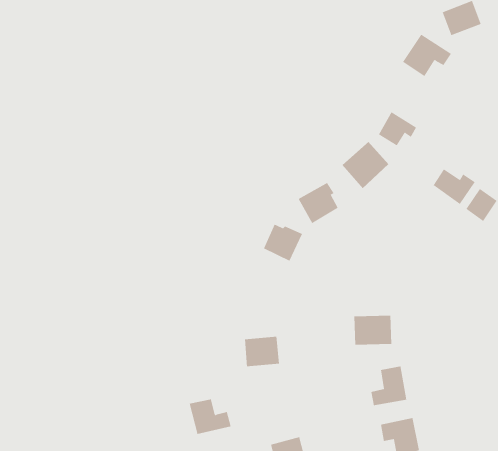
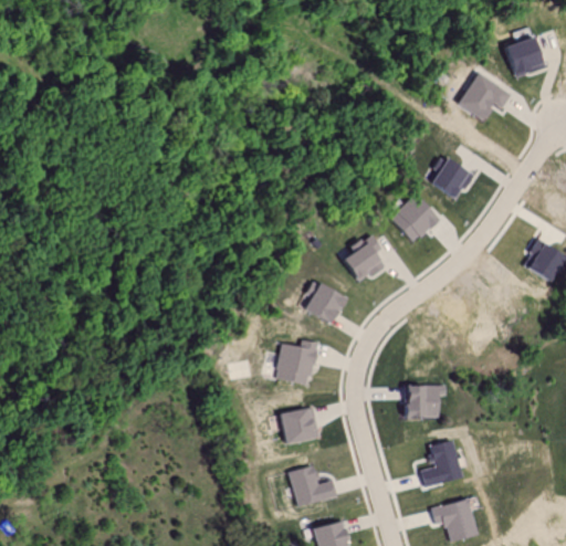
building: [433,168,475,205] -> none
building: none -> [279,339,318,384]
building: [189,399,231,434] -> [291,465,338,505]

